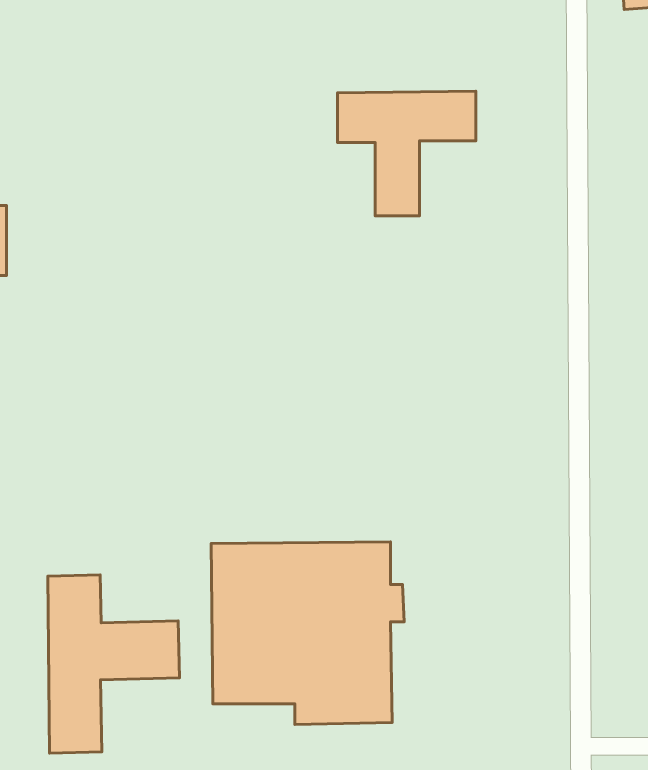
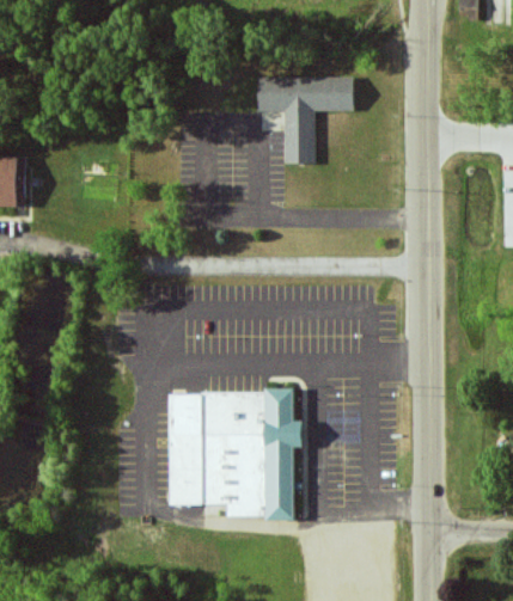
building: [48,575,179,753] -> none

